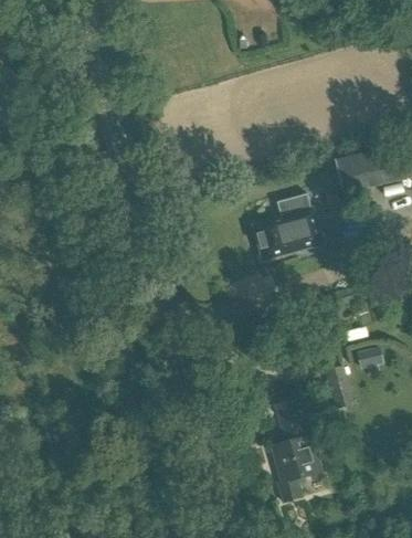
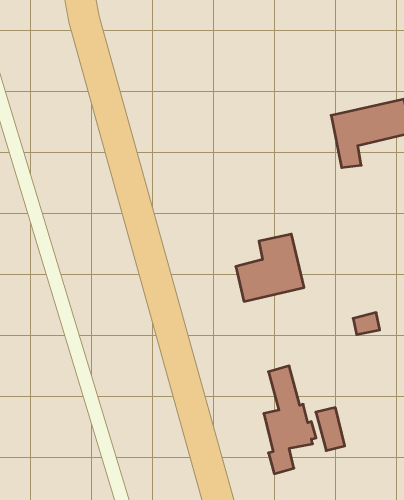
building: [253,193,318,257] -> [236,234,304,301]
building: [327,367,355,408] -> [316,408,345,451]

